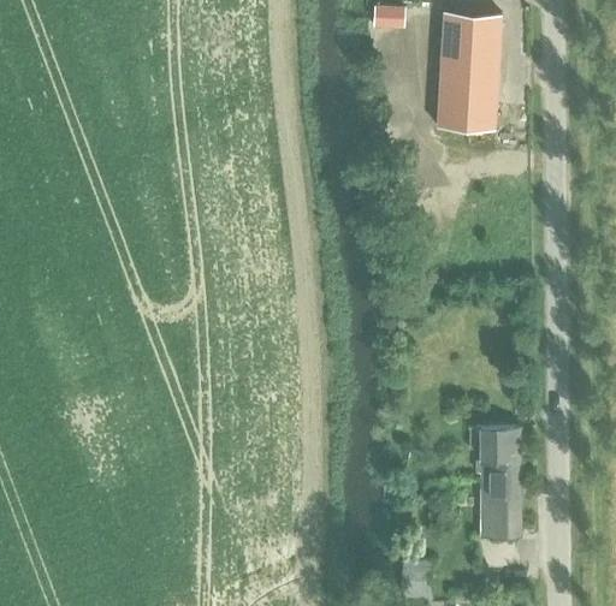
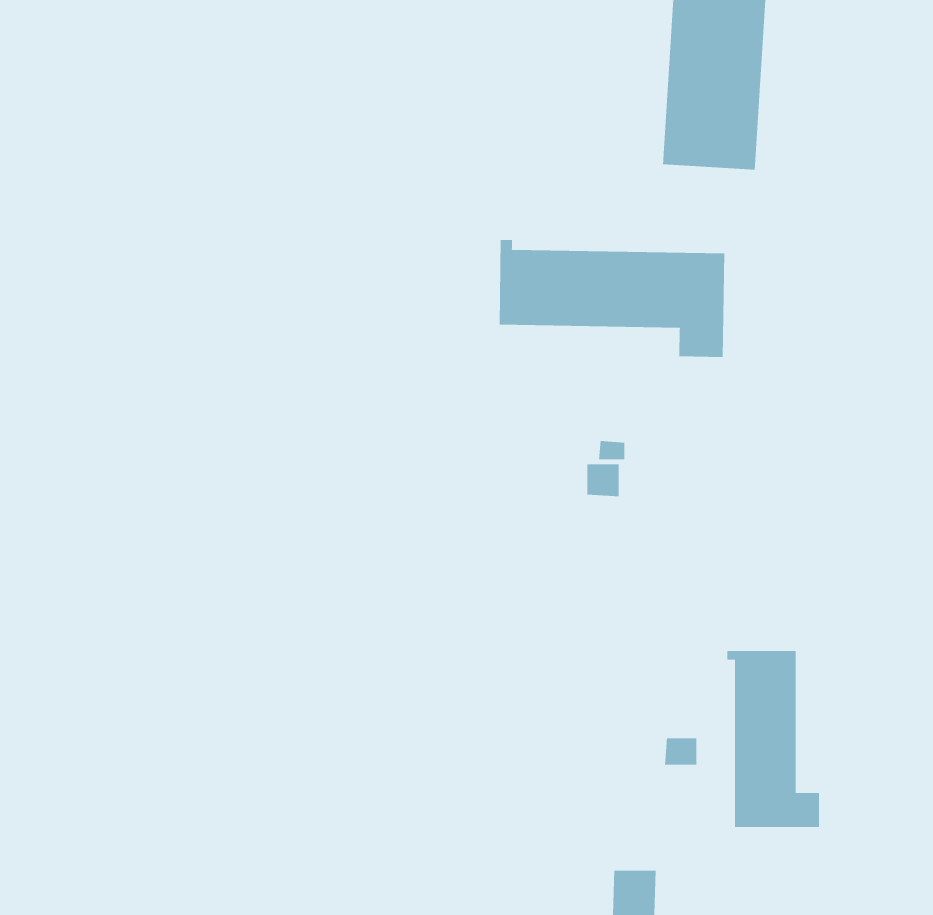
building: none -> [499,239,725,358]

